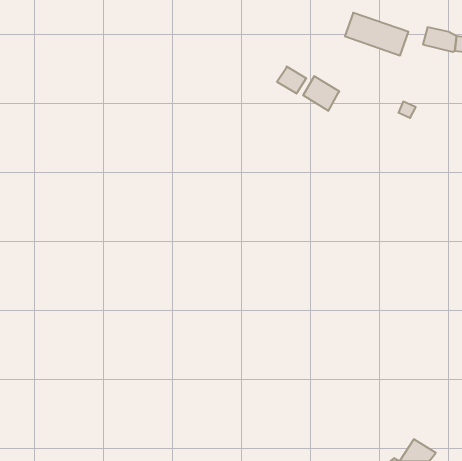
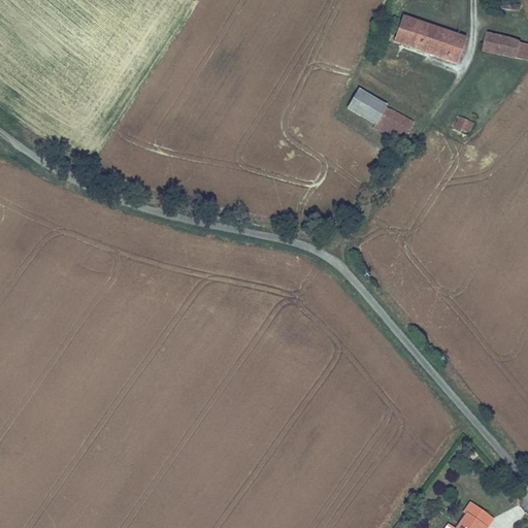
building: [277,66,306,94] -> none
building: none -> [374,105,416,139]

